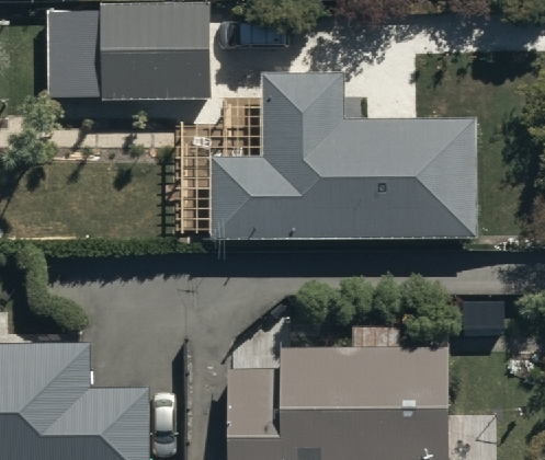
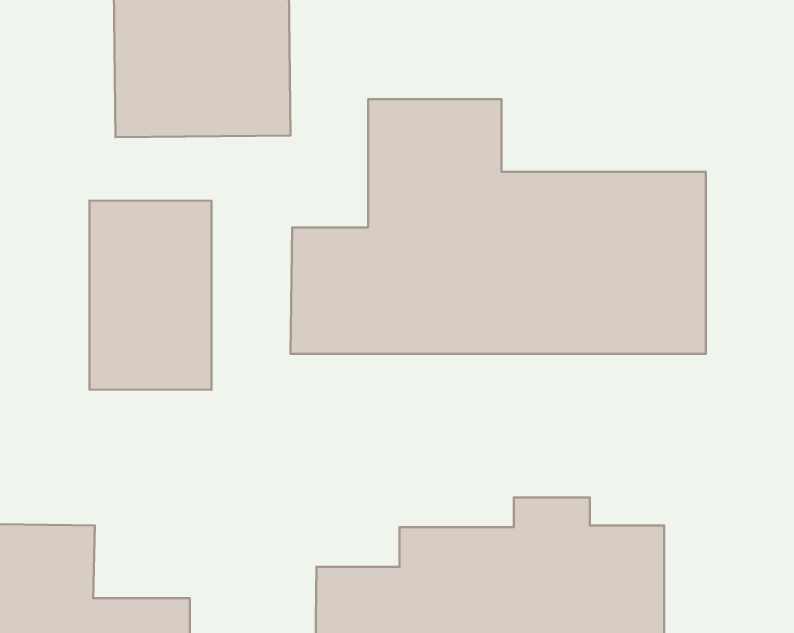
building: none -> [90,201,212,390]

